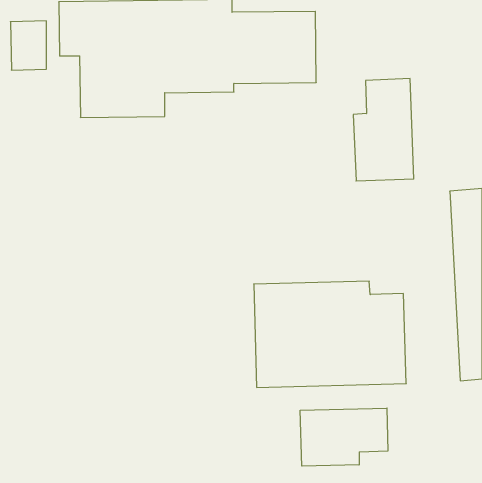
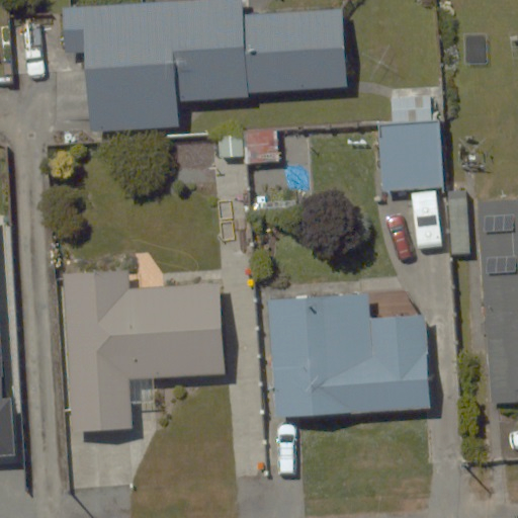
building: none -> [71,274,231,434]
building: [300,408,388,466] -> none

